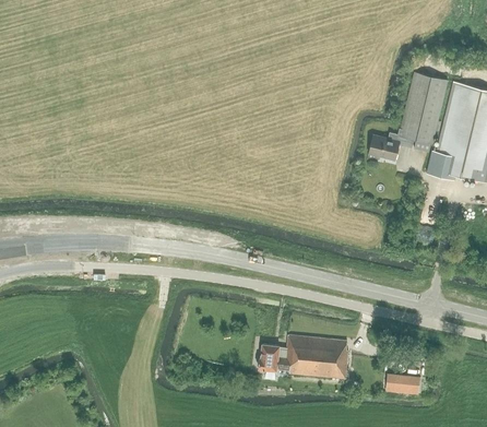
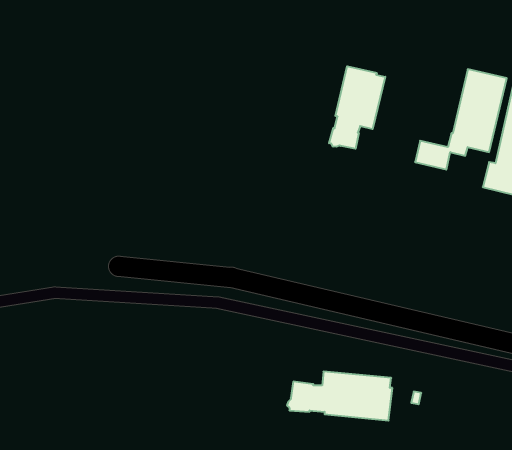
building: none -> [329,66,385,149]
building: [385,373,420,392] -> none

